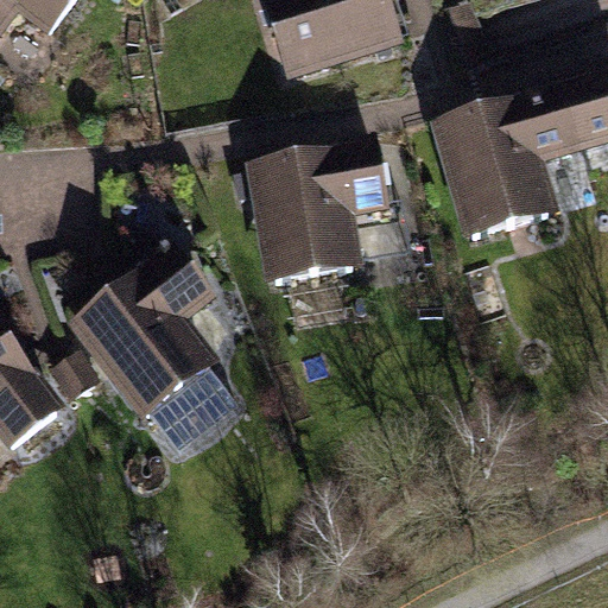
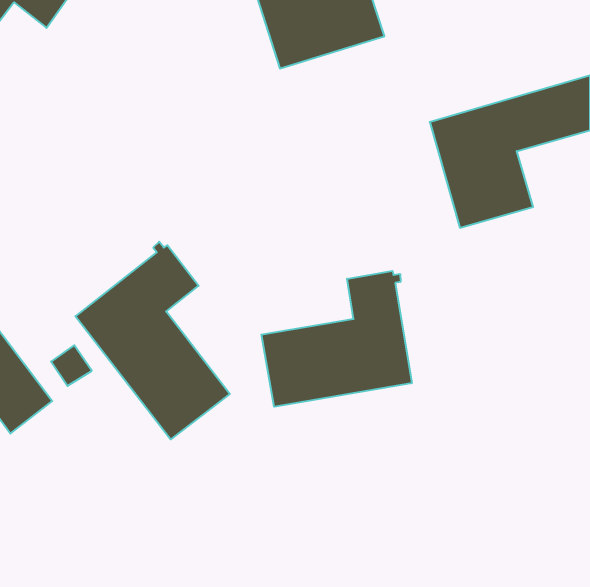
building: [254,147,381,279] -> none
building: none -> [261,271,412,407]

